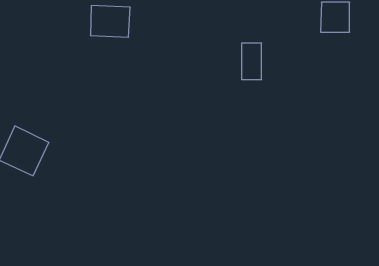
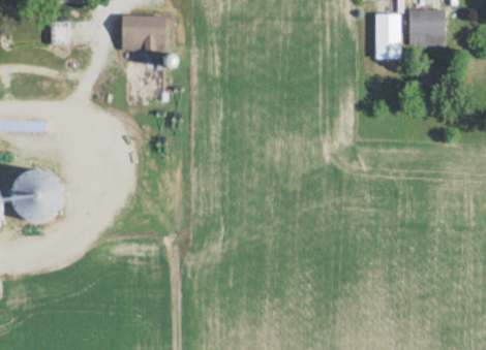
building: none -> [50,22,67,45]
building: [242,43,262,80] -> [375,13,400,59]

